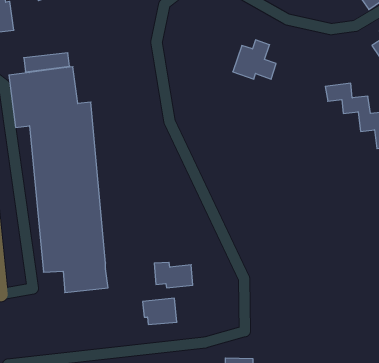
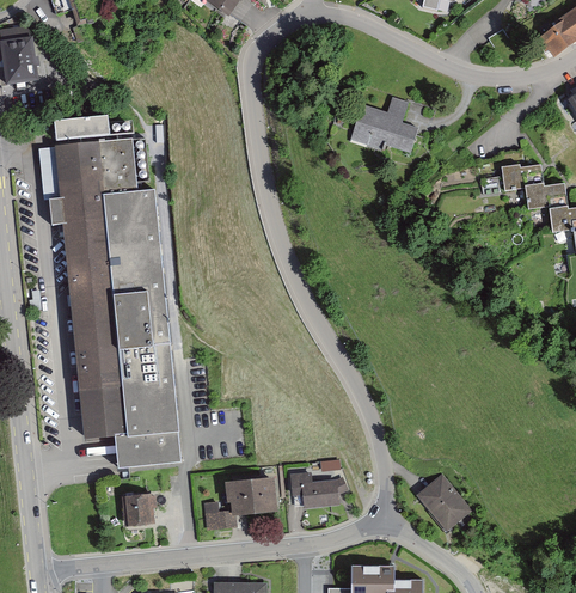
building: [154,262,193,288] -> [290,473,347,511]
building: none -> [416,482,470,536]
building: none -> [122,494,157,528]
building: none -> [202,502,237,532]

